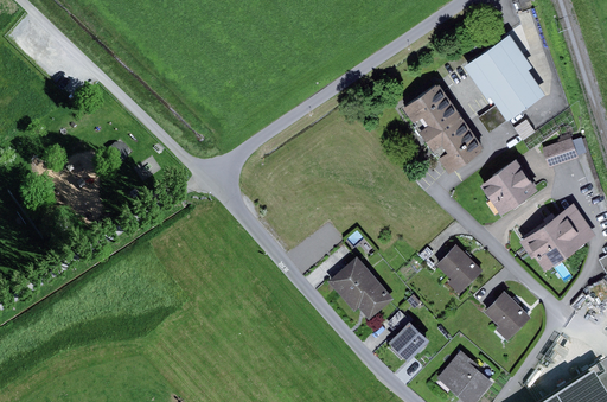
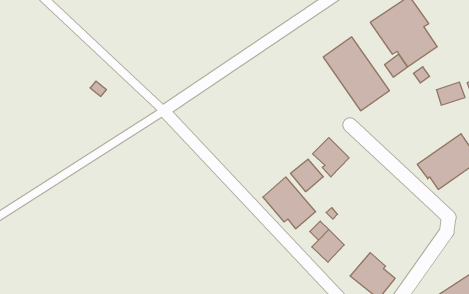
building: [480,158,538,213] -> none
building: none -> [291,159,323,192]
building: [436,243,481,292] -> [313,138,349,177]
building: [485,289,531,339] -> none

